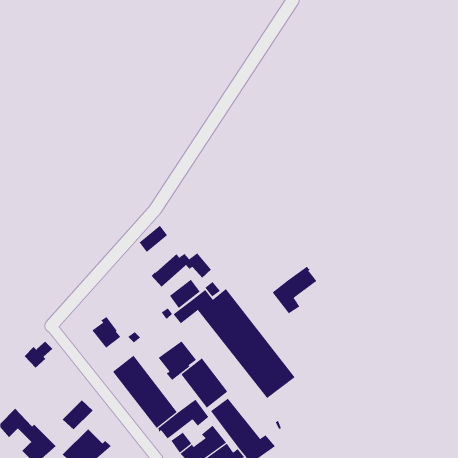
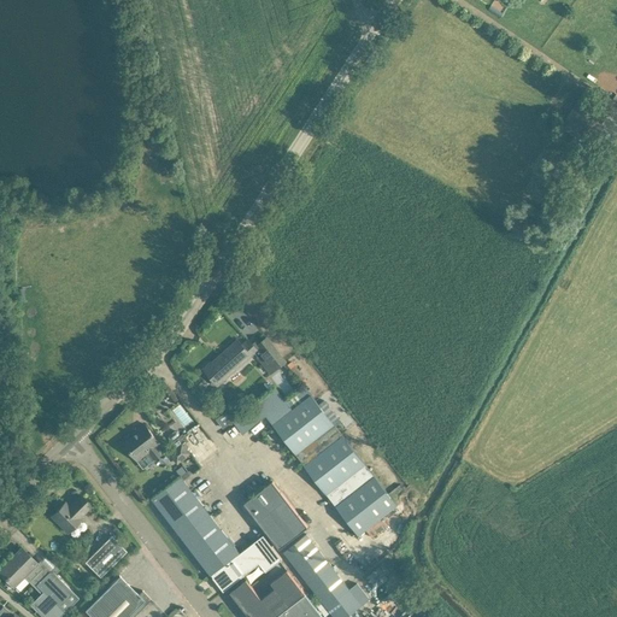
building: [139,225,168,253] -> none
building: [272,266,318,314] -> none
building: [169,279,201,309] -> none
building: [158,340,197,381] -> none
building: [24,341,53,369] -> [51,496,90,534]

